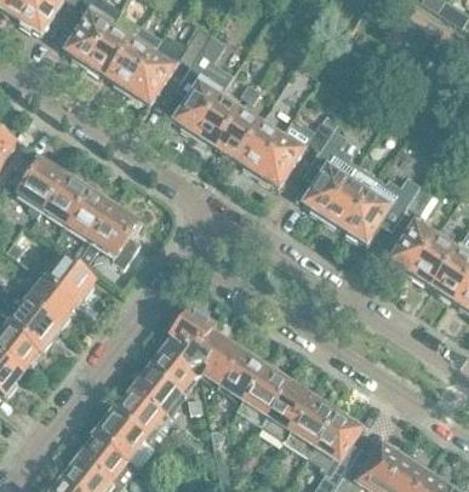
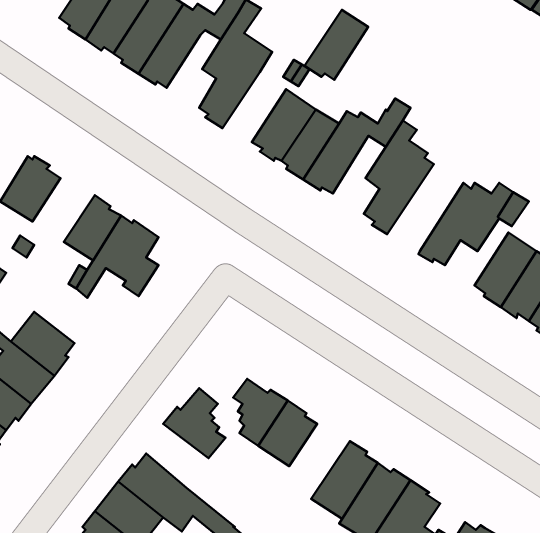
building: [191,92,241,147] -> [304,10,368,80]
building: [320,164,379,231] -> none
building: [44,175,92,224] -> none
building: [45,256,95,303] -> none
building: [170,305,217,381] -> none
building: [132,366,181,416] -> none
building: [238,366,291,424] -> none

